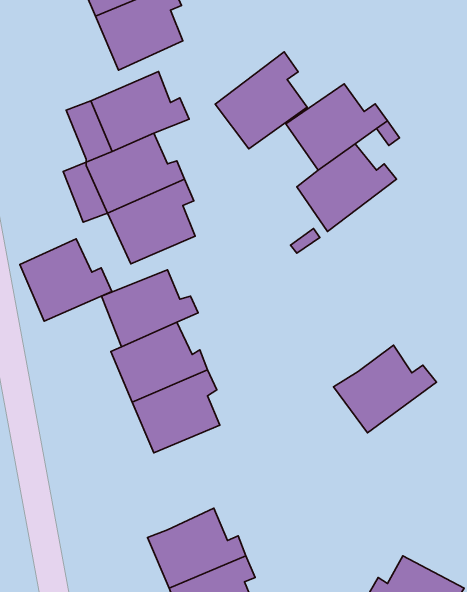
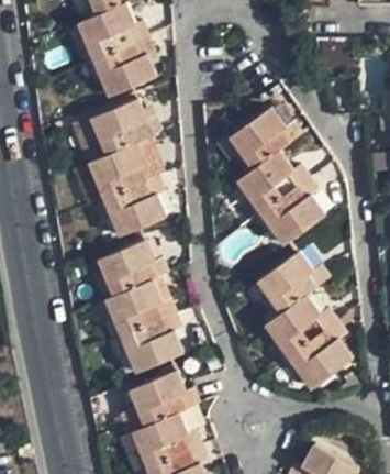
building: [215,52,307,149] -> [259,175,325,244]
building: [20,239,112,321] -> none
building: none -> [258,251,330,312]
building: none -> [288,320,353,388]
building: none -> [130,370,199,426]

